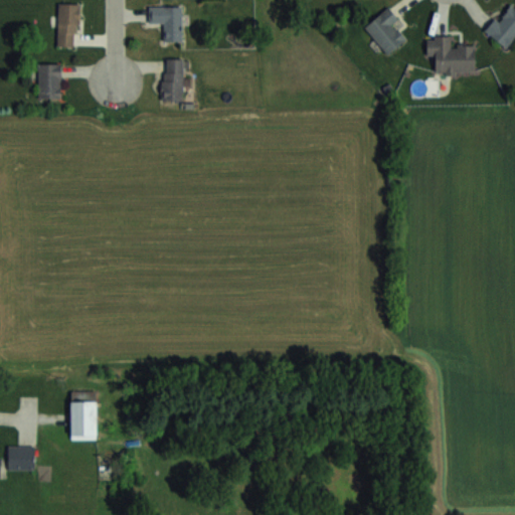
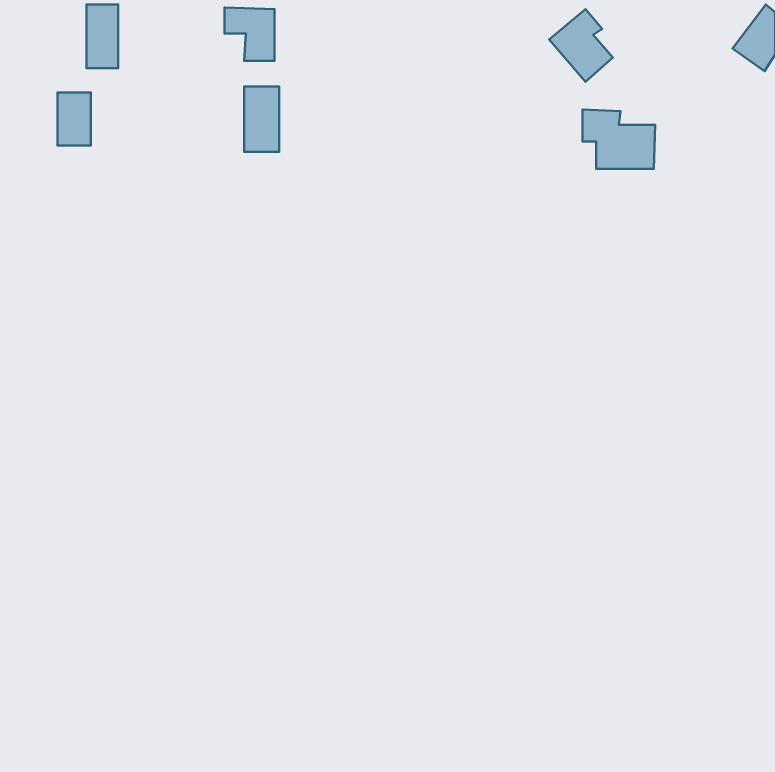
building: [426,36,475,75] -> [582,110,655,169]
building: [70,401,96,441] -> none
building: [7,447,34,471] -> none

